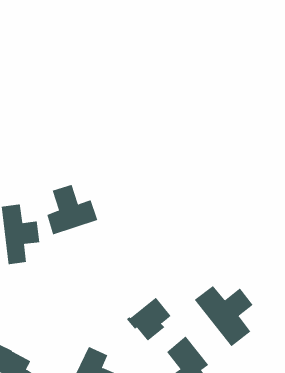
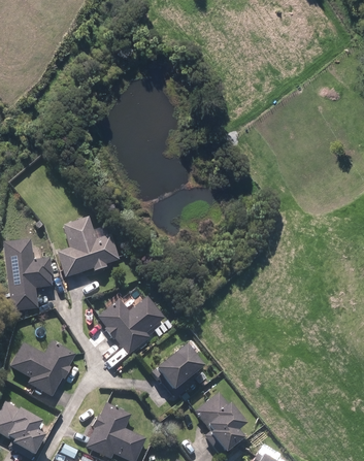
building: none -> [99,297,164,352]
building: [194,285,254,347] -> none
building: none -> [10,342,74,395]

